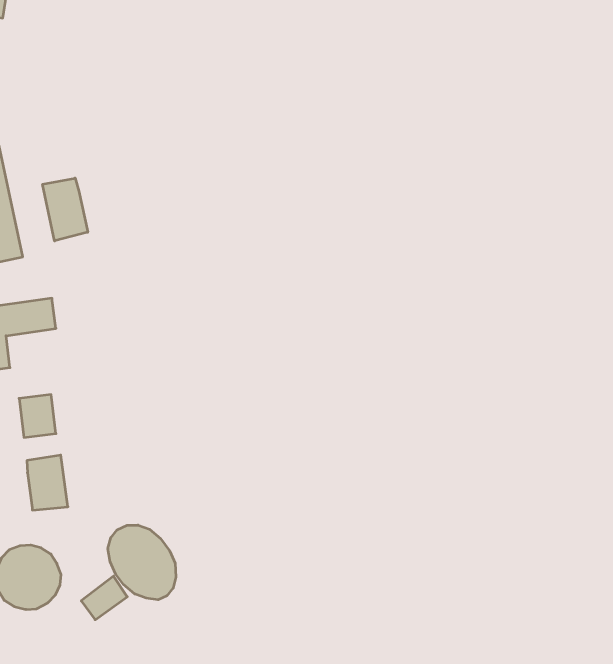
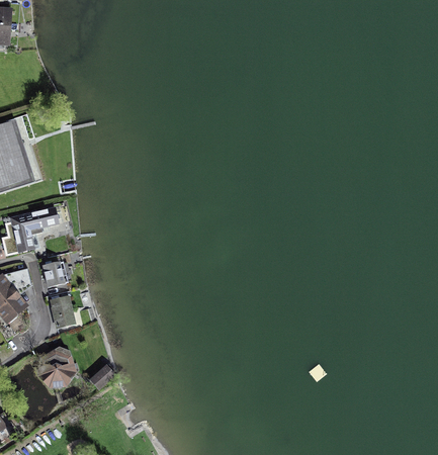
building: [43,178,88,241] -> none
building: [108,525,176,600] -> none

